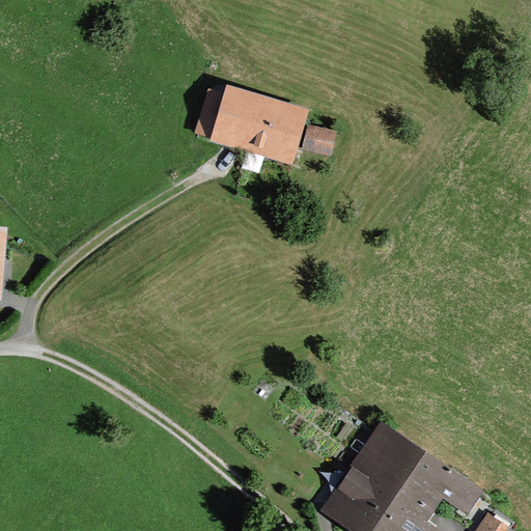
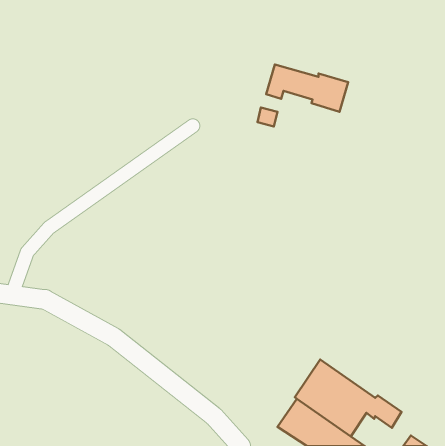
building: [198,96,296,152] -> [266,65,348,112]

